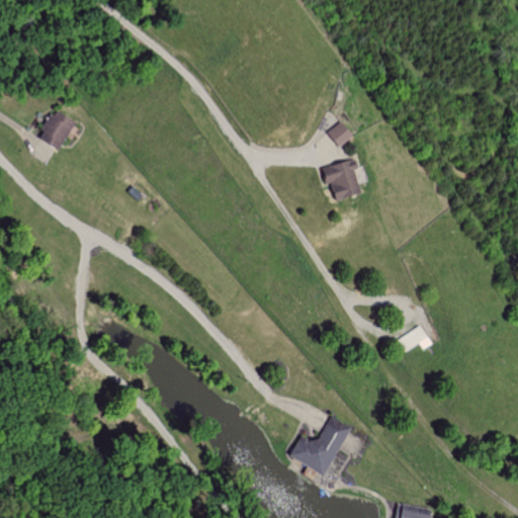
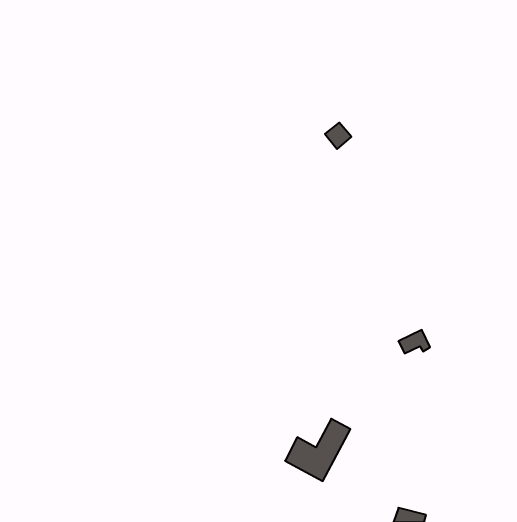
building: [36,109,77,152] -> none
building: [321,160,361,199] -> none

